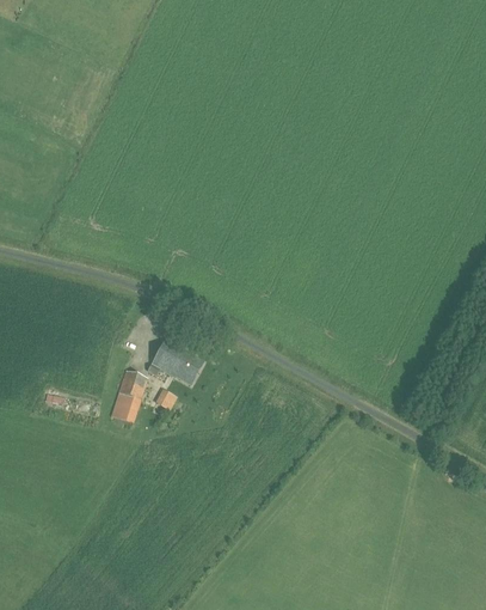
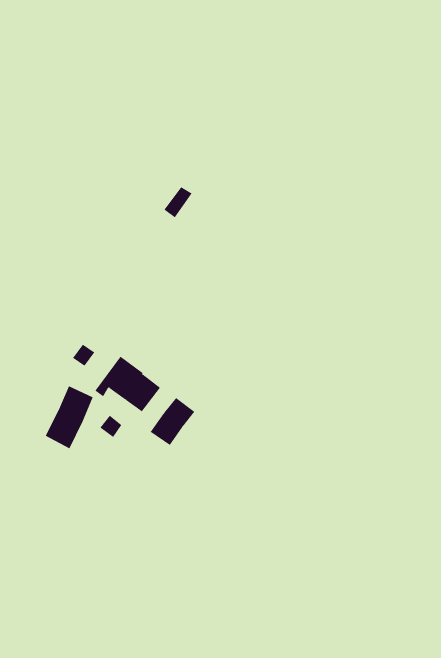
building: none -> [150,397,195,446]

